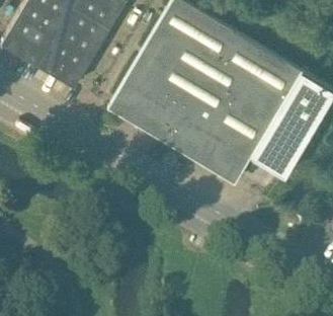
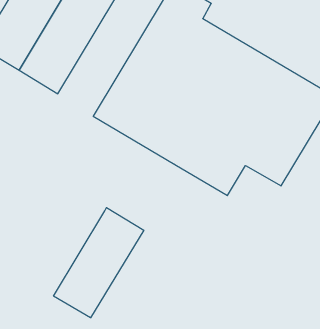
building: none -> [54,208,144,318]

